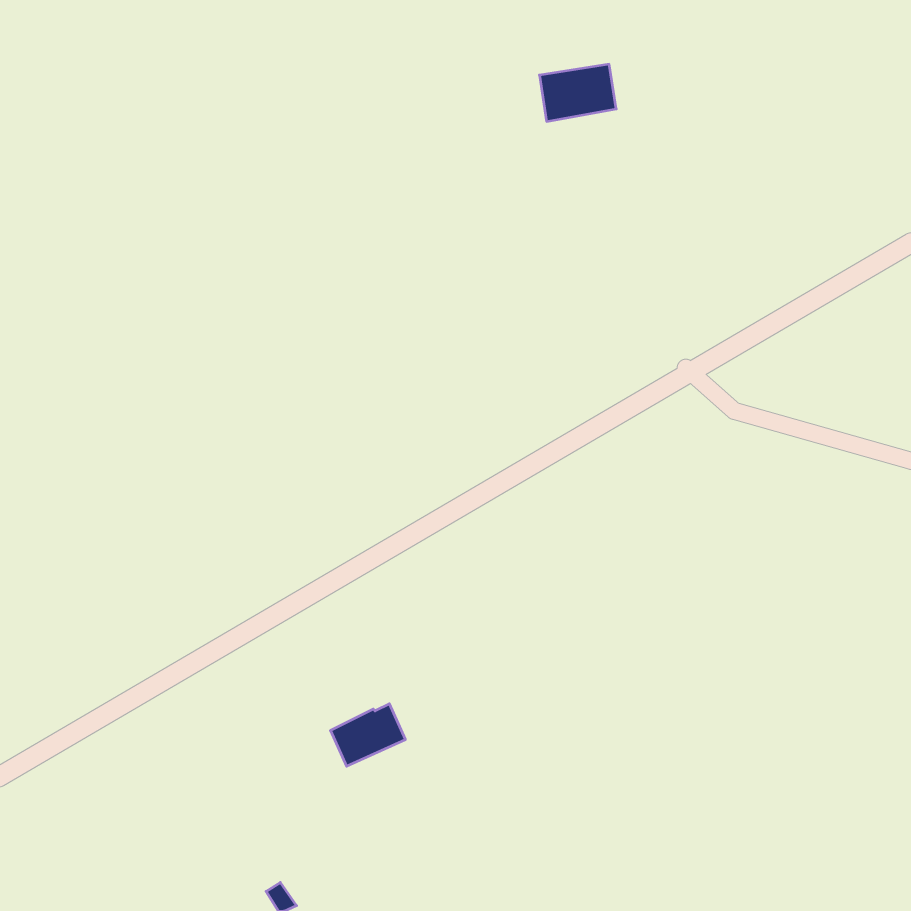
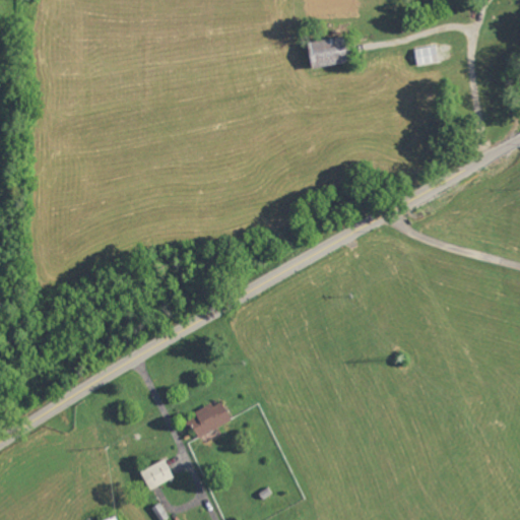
building: none -> [414,45,440,66]
building: none -> [140,458,174,490]

